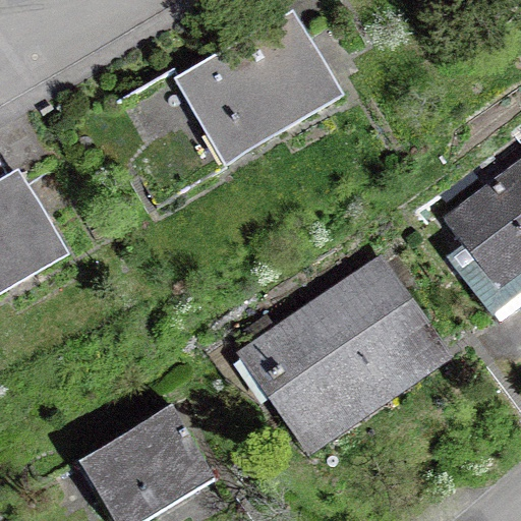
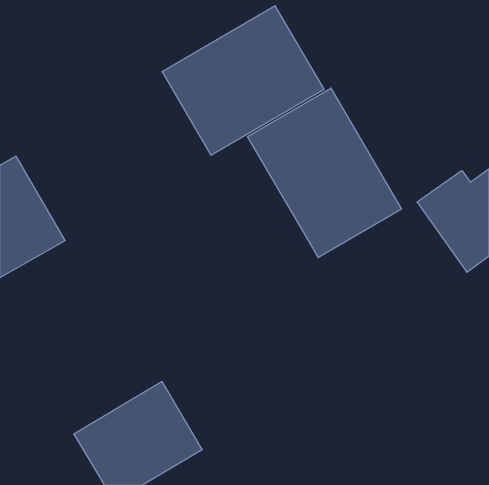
building: none -> [248,88,401,258]
building: [251,267,430,431] -> none

